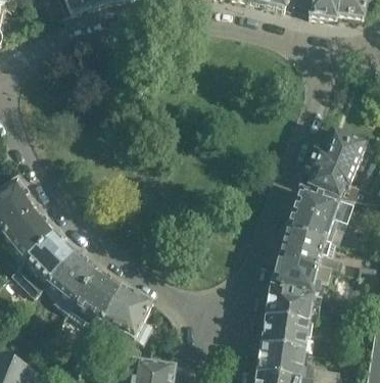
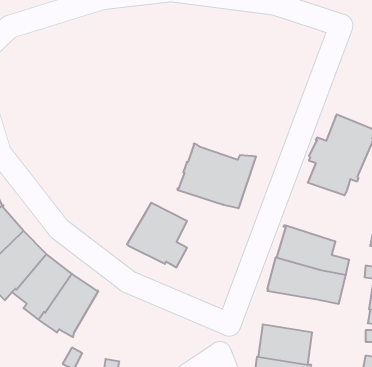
building: [286,184,355,241] -> [177,144,256,208]
building: [100,283,153,340] -> [127,203,187,267]
building: [267,283,322,321] -> none

